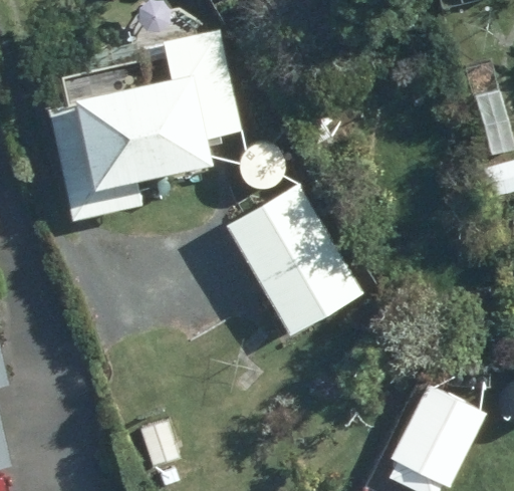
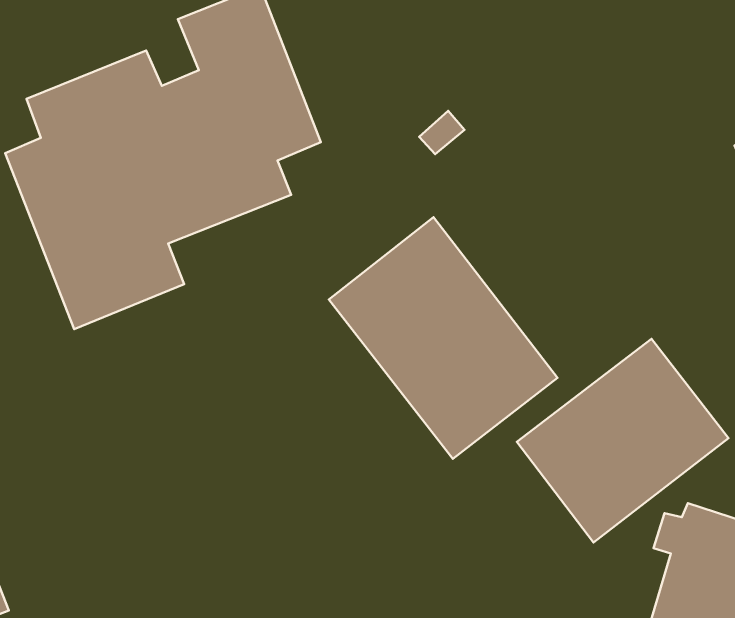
building: none -> [517,339,728,542]

